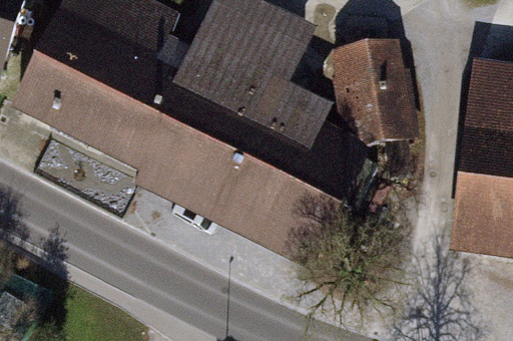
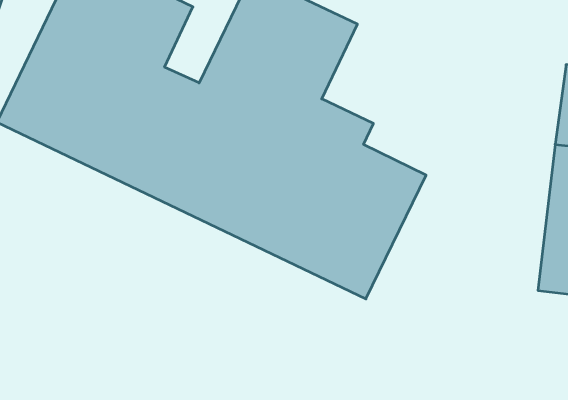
building: [337,39,411,137] -> none

